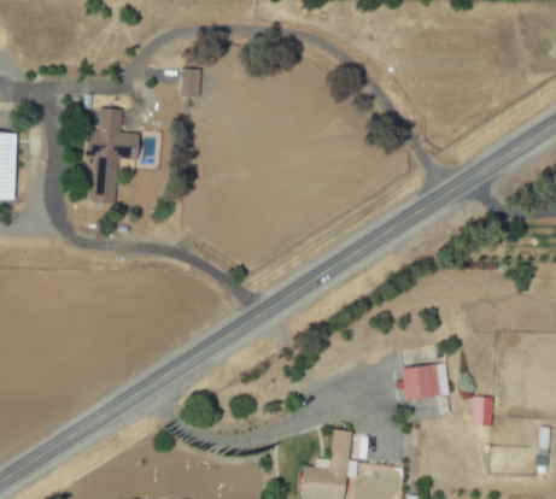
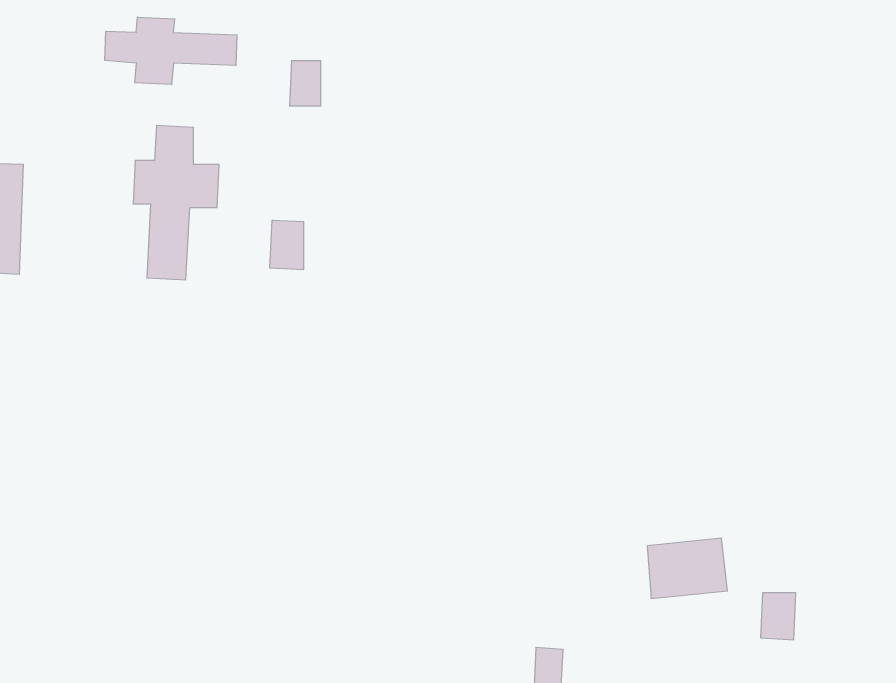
building: none -> [105,17,237,85]
building: none -> [270,220,304,270]

